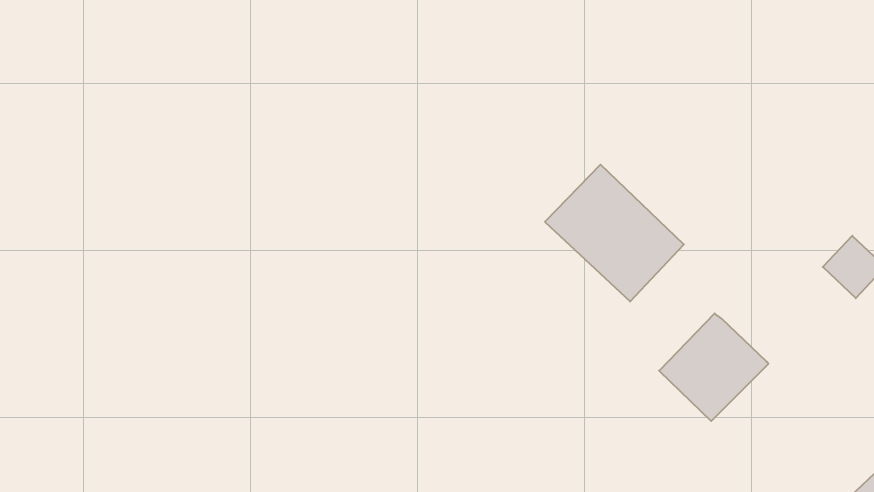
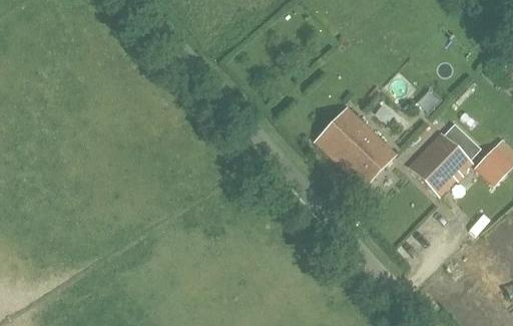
building: [659,313,768,421] -> [411,131,474,194]

